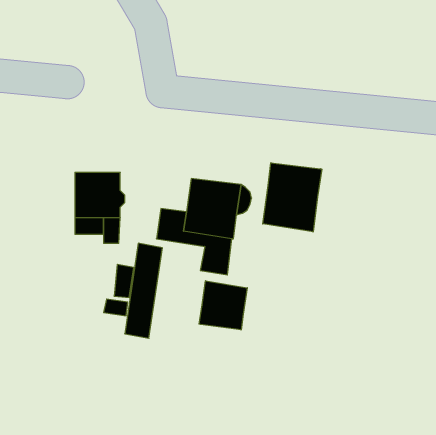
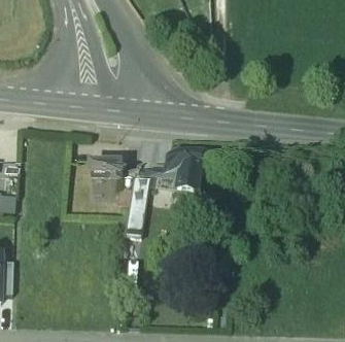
building: [263,163,322,232] -> none
building: [199,281,247,330] -> none

